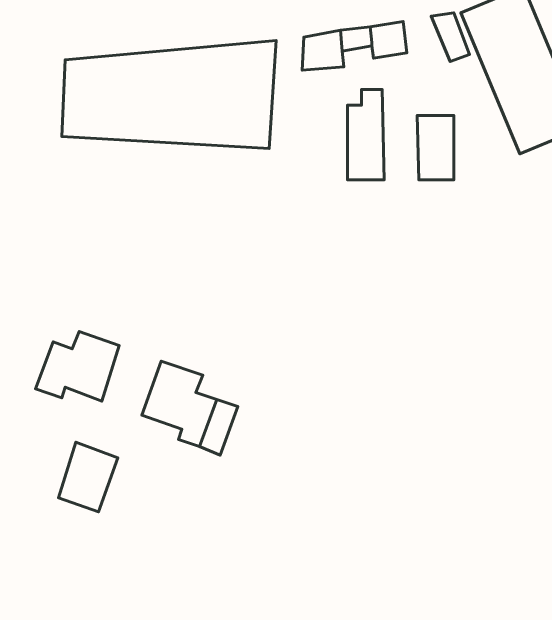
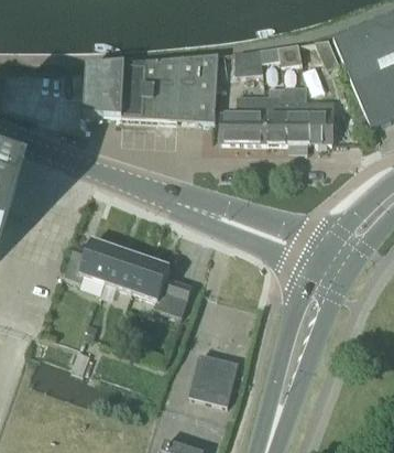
building: none -> [284,84,307,141]
building: none -> [218,94,262,141]
building: [59,442,118,512] -> [107,246,144,290]
building: none -> [189,352,239,405]

